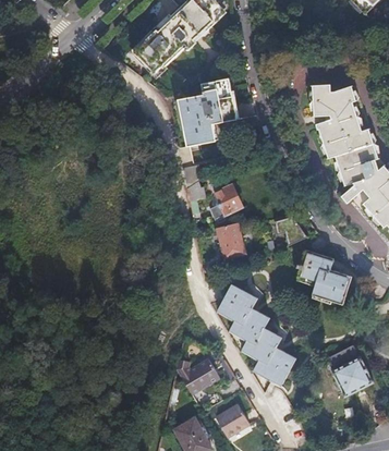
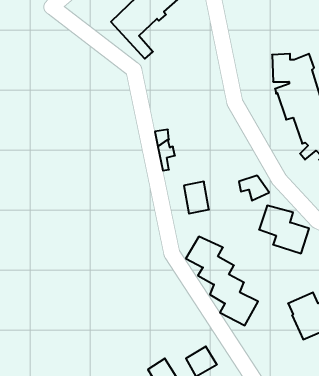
building: [179,77,236,146] -> none
building: [208,186,241,228] -> none
building: [177,356,220,394] -> none

